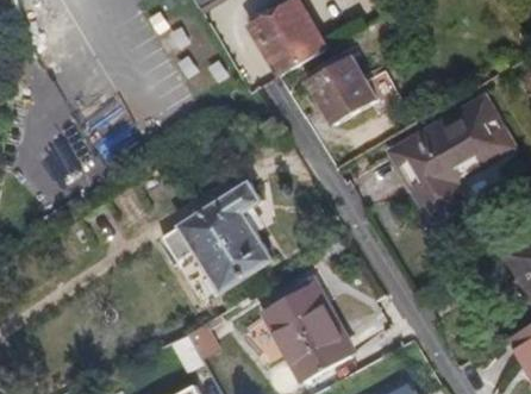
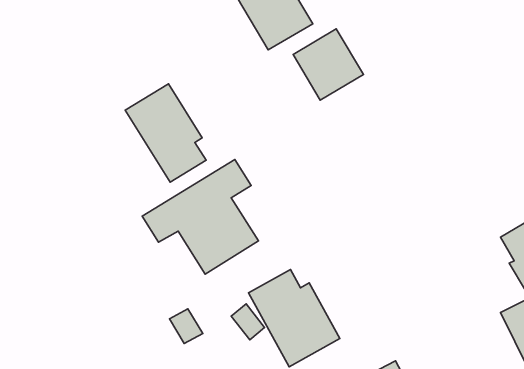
building: [393,100,508,217] -> none
building: none -> [125,84,206,182]

